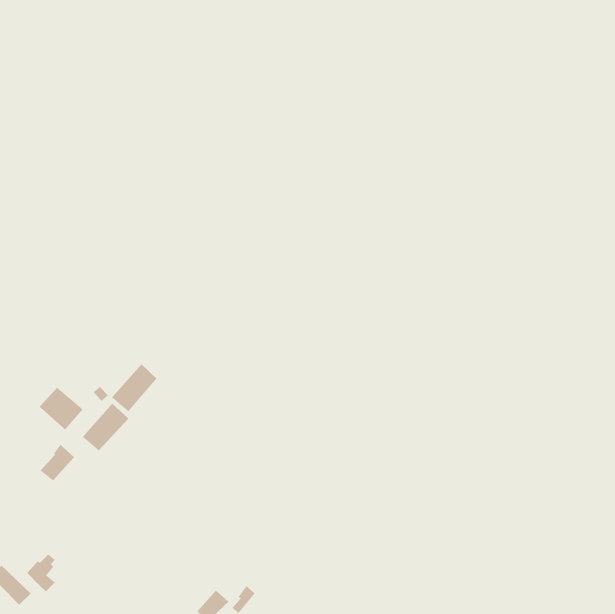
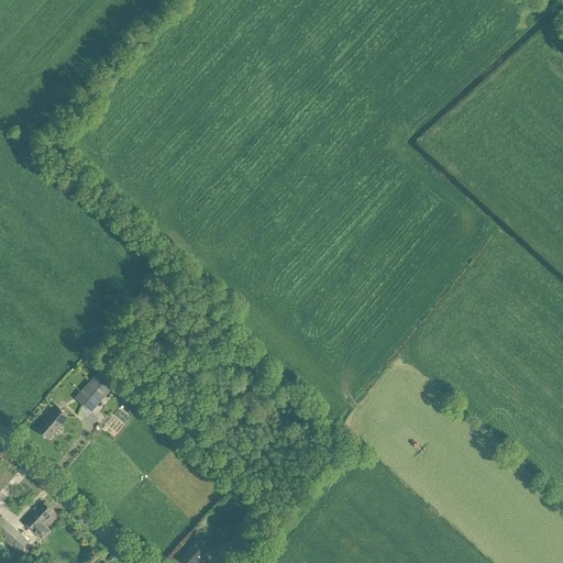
building: [111,364,157,412] -> none
building: [39,387,83,430] -> none

